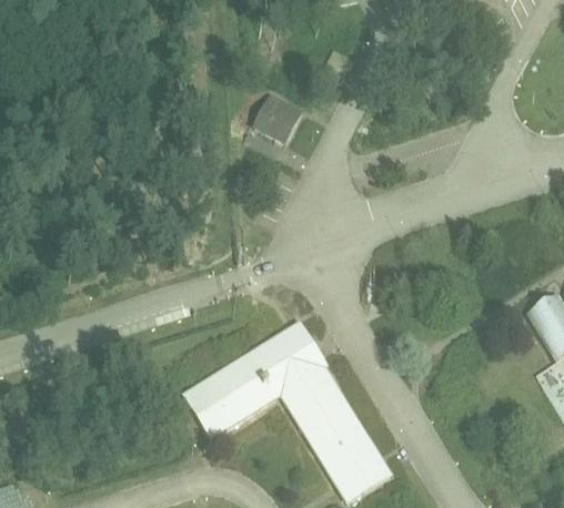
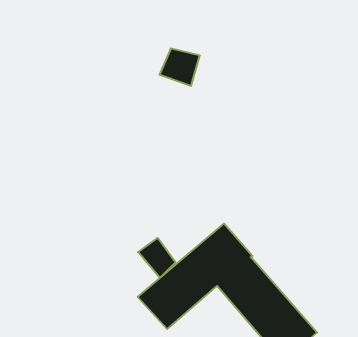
building: none -> [138,238,175,278]

